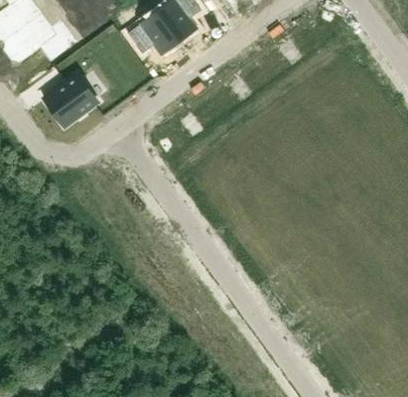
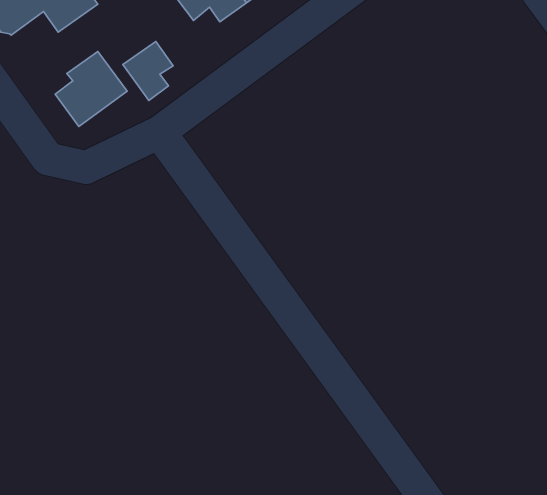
building: none -> [123,41,173,100]

